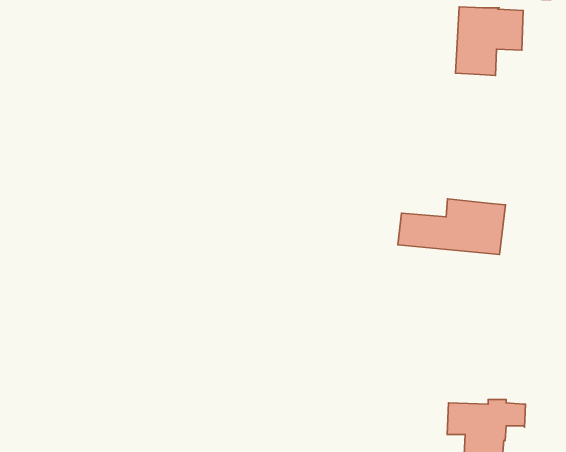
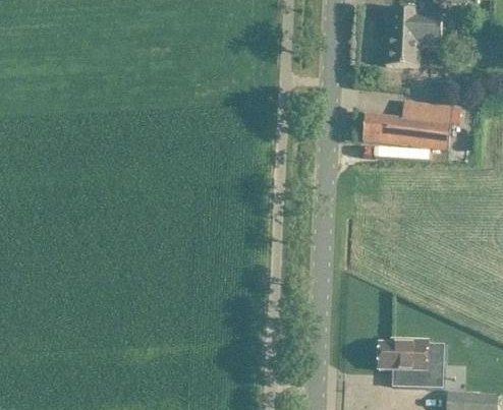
building: [398,199,505,254] -> [361,102,452,149]

